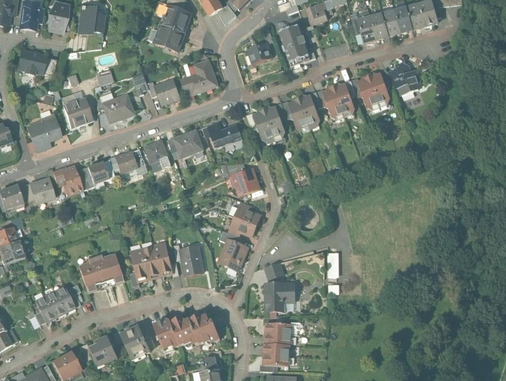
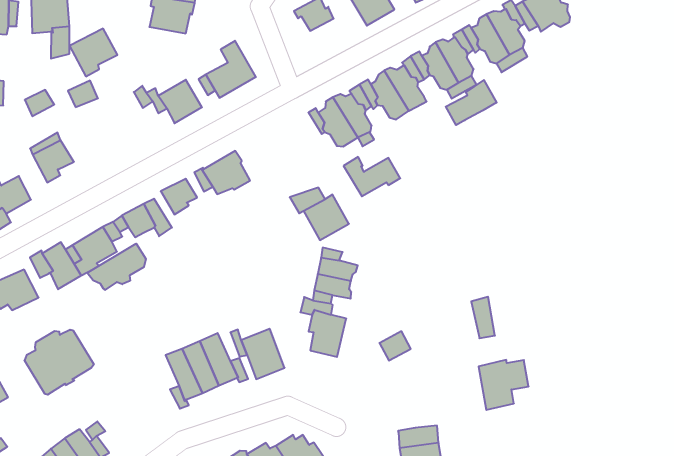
building: [105,96,134,124] -> [69,29,117,76]
building: none -> [446,80,497,125]
building: [207,122,241,147] -> [344,157,400,196]
building: none -> [87,244,146,290]
building: [81,253,124,292] -> [24,330,94,395]
building: [265,282,294,311] -> [479,360,529,410]

